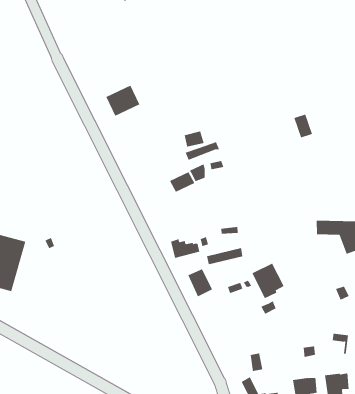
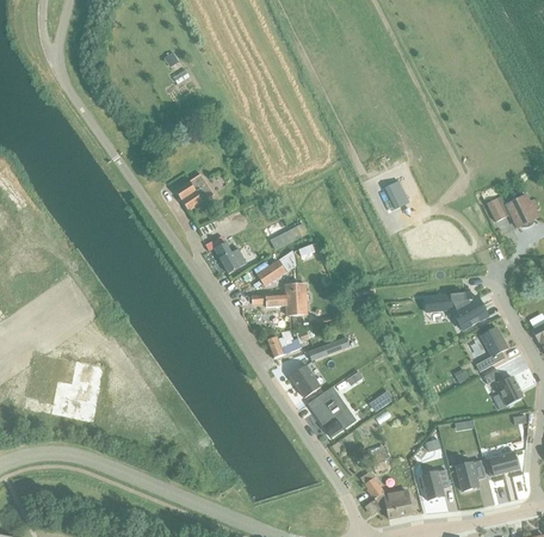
building: none -> [214,241,247,272]
building: none -> [252,284,303,315]
building: [252,263,285,299] -> [311,395,350,436]

